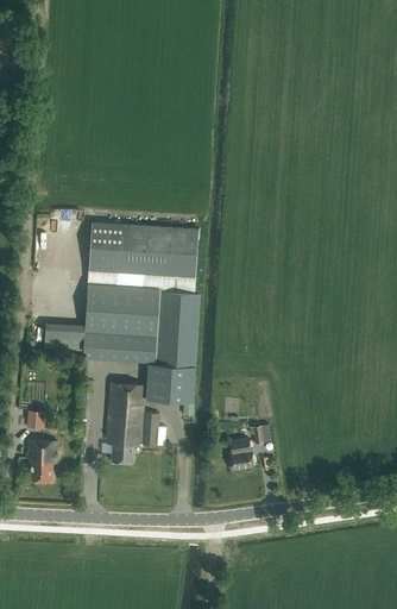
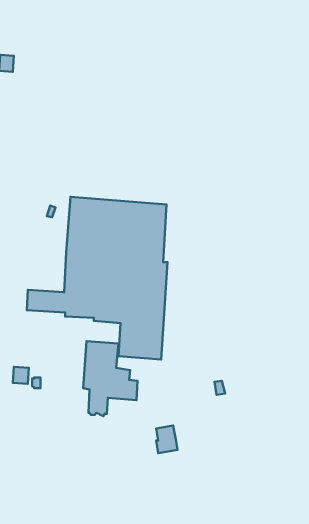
building: [229,438,253,469] -> [156,425,177,453]
building: [26,440,56,481] -> none

